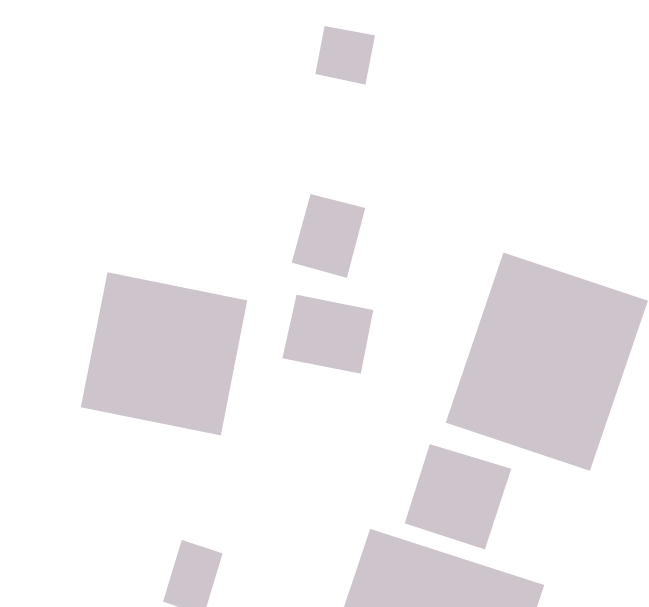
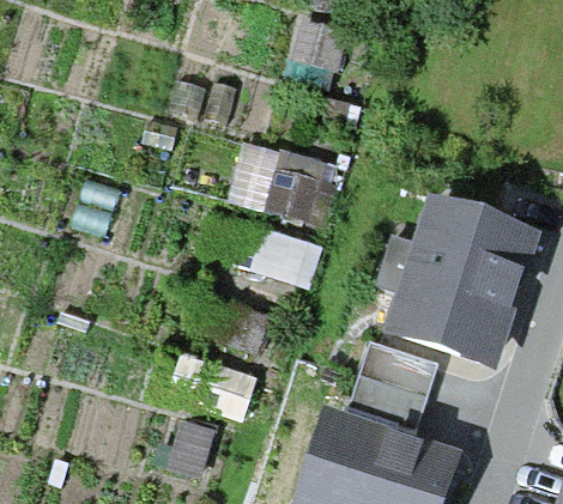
building: [80,271,248,436] -> none

